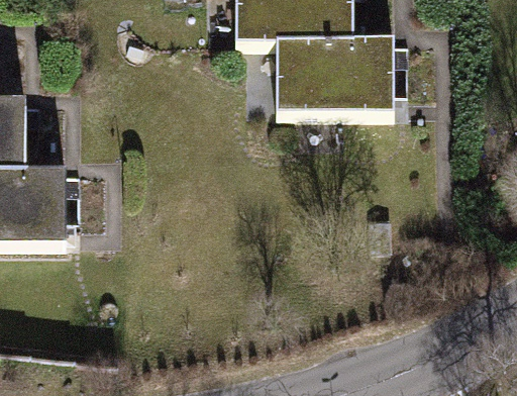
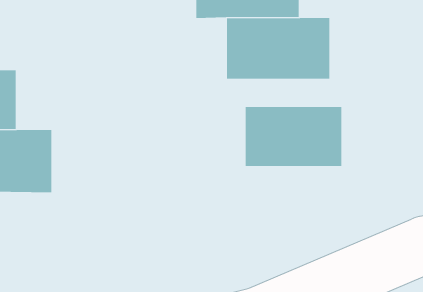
building: none -> [245,106,342,167]

